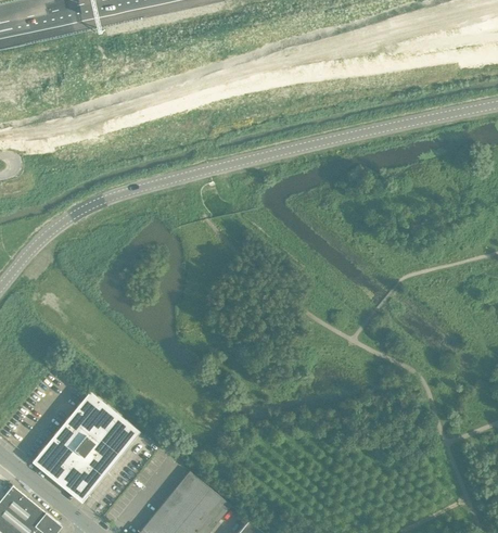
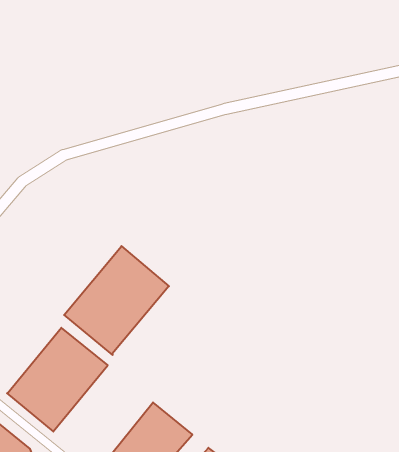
building: none -> [64,246,169,355]

